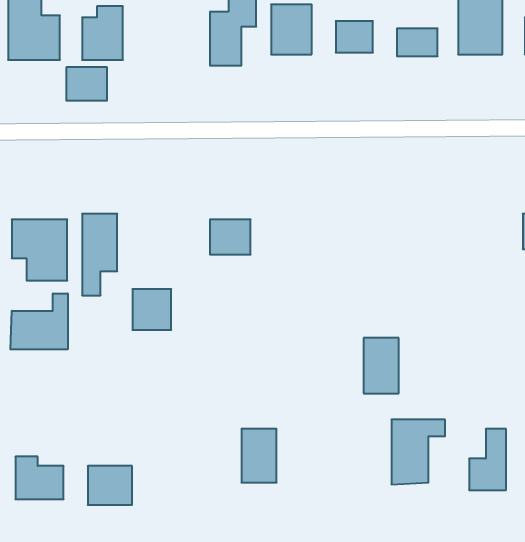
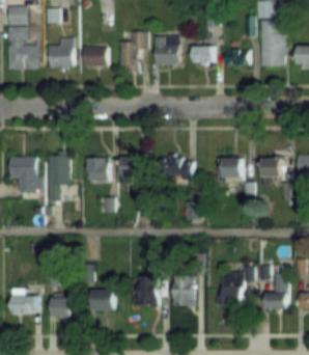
building: [66,67,107,101] -> [83,47,106,65]
building: none -> [261,157,279,186]
building: none -> [217,158,243,180]
building: none -> [163,159,193,178]
building: [132,289,171,330] -> [86,158,108,181]
building: [10,293,68,349] -> none
building: [364,338,399,393] -> [174,275,194,306]
building: none -> [92,289,114,310]

